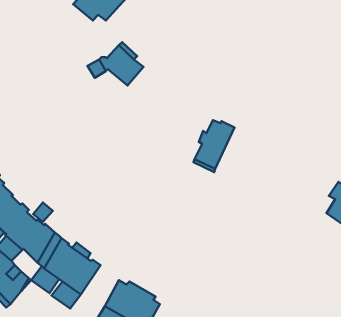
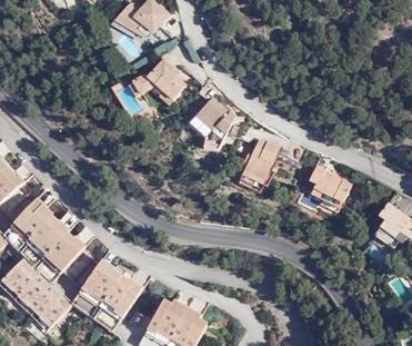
building: none -> [190,96,232,148]
building: none -> [309,165,351,211]

